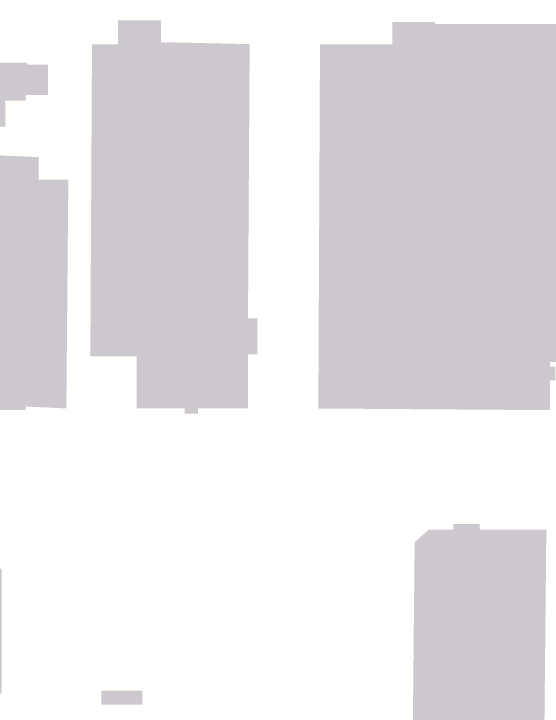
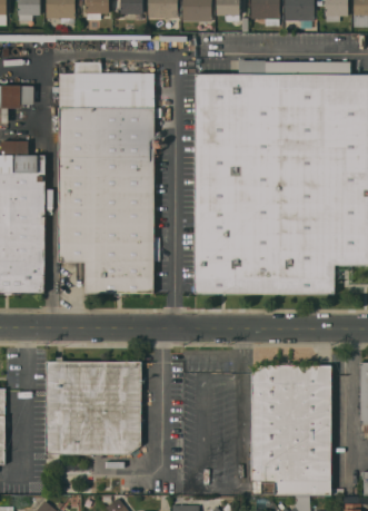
building: none -> [44,357,140,454]

